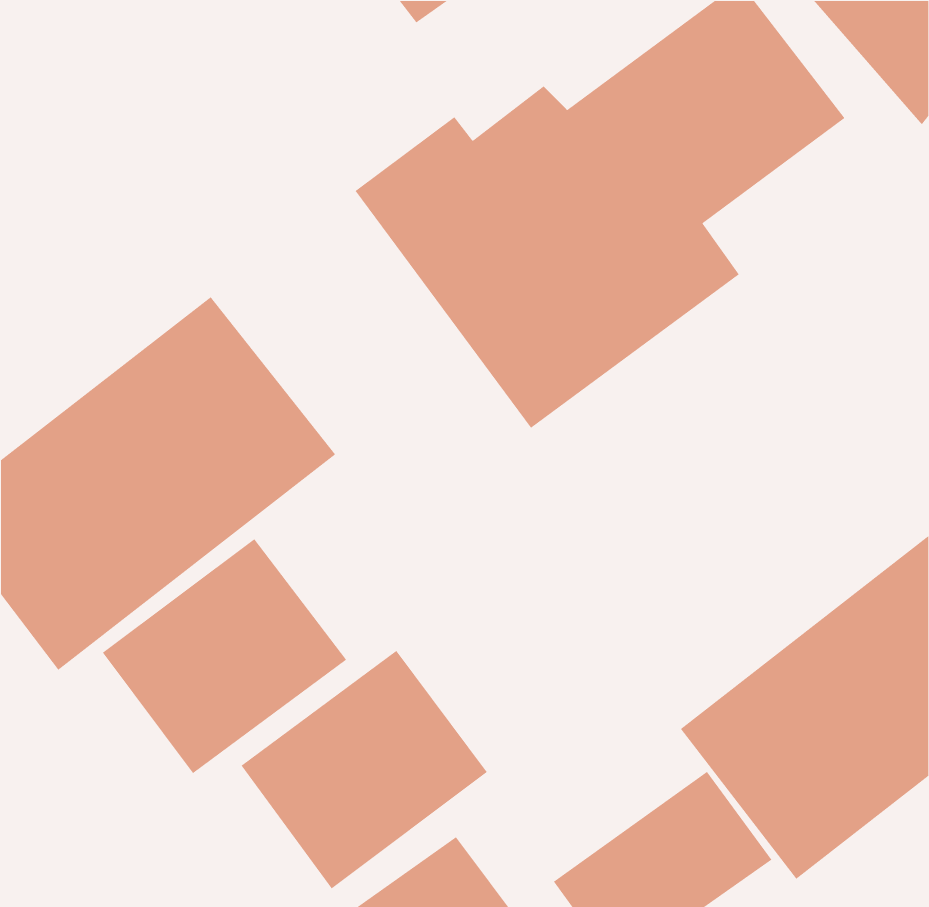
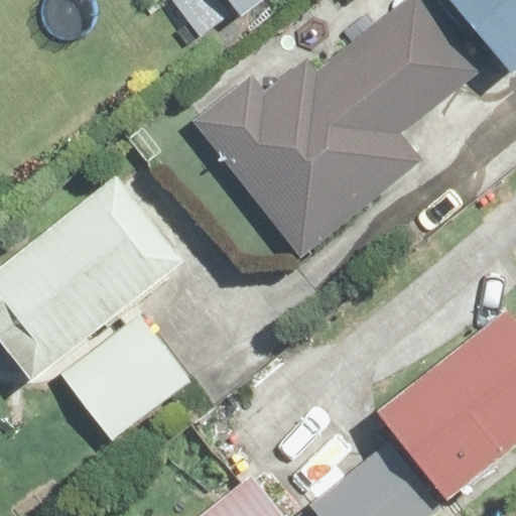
building: [241,650,488,890] -> none

